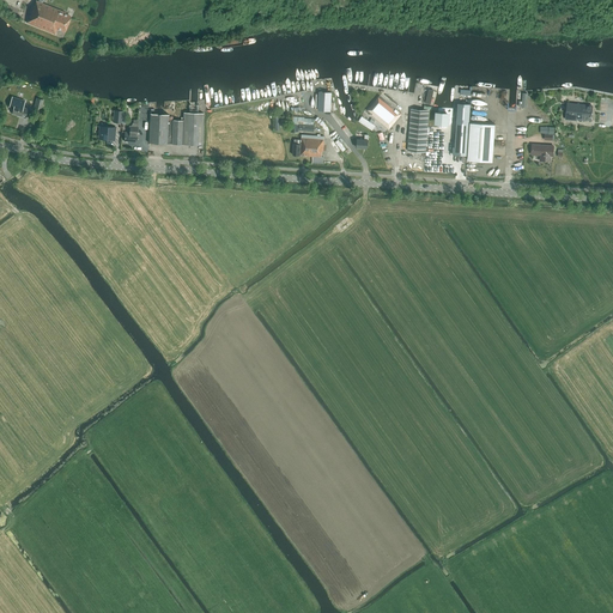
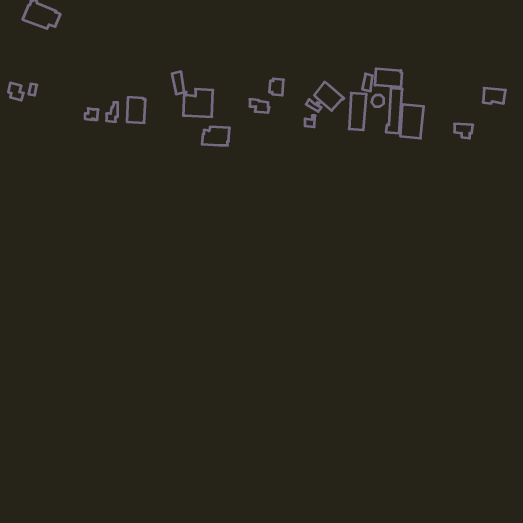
building: none -> [375,69,402,87]
building: [169,113,204,145] -> [183,89,213,117]
building: [292,135,324,157] -> [202,127,230,145]

